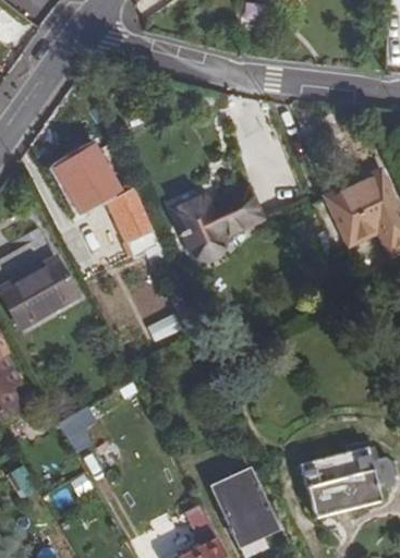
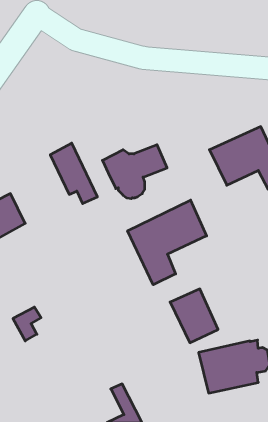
building: [53,143,123,215] -> none
building: none -> [128,200,207,285]
building: [215,472,278,543] -> [170,289,218,343]

